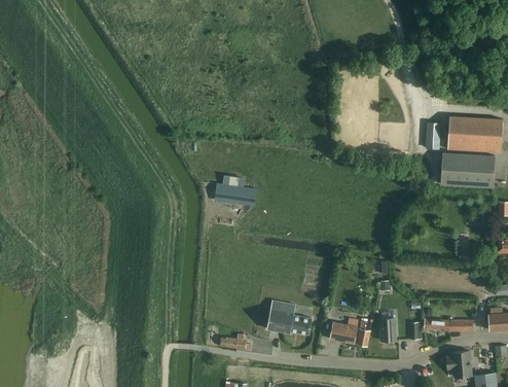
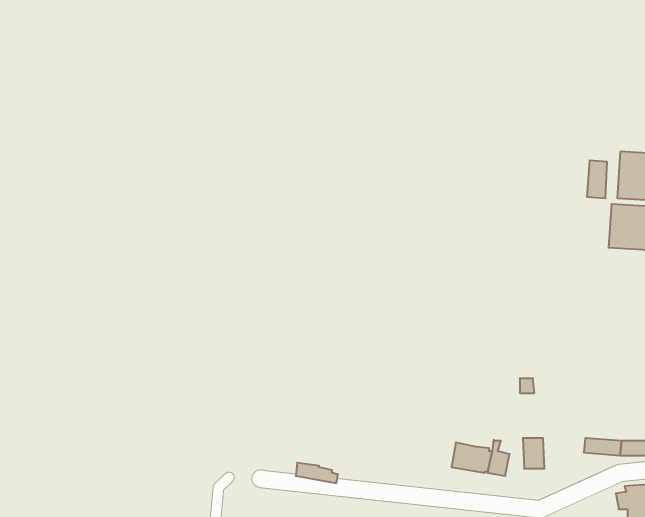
building: [215,183,257,205] -> none
building: [267,309,312,335] -> none

